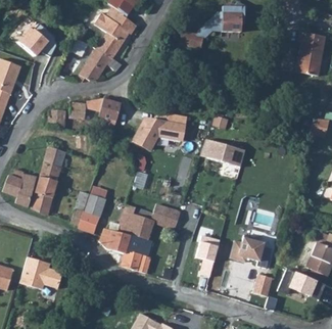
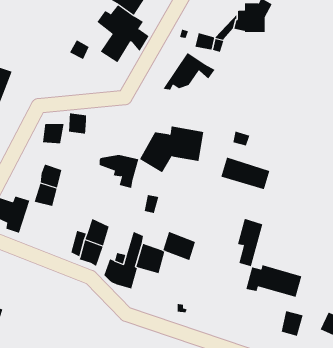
building: [22,24,55,56] -> none
building: [76,48,122,81] -> [162,52,216,90]
building: [86,98,121,128] -> [99,154,139,189]
building: [32,178,56,215] -> none
building: [122,235,151,273] -> none
building: [196,236,219,278] -> [237,218,263,267]
building: [19,256,62,290] -> none

